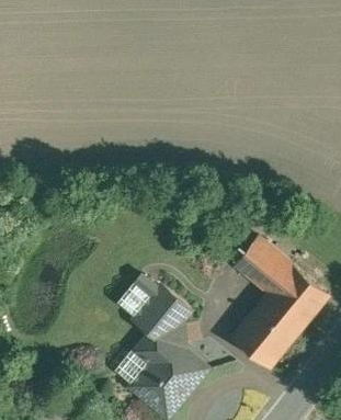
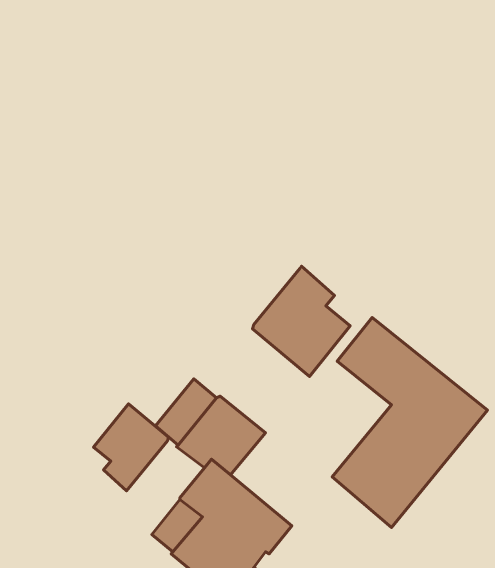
building: none -> [253,266,350,376]
building: none -> [94,404,169,491]

